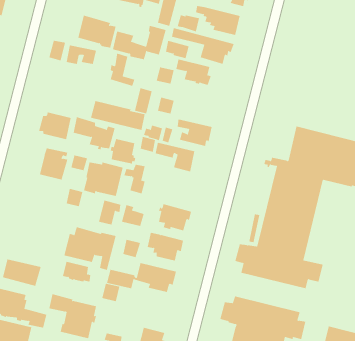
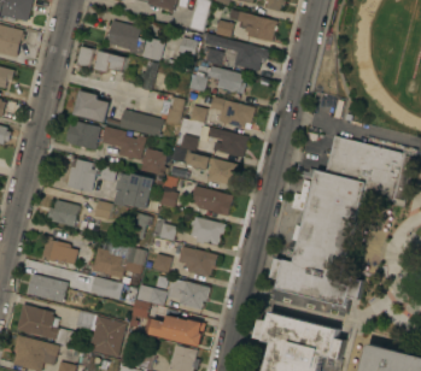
building: none -> [72,92,109,123]
building: none -> [209,96,253,129]
building: none -> [189,187,232,217]
building: none -> [47,200,78,228]
building: none -> [41,237,77,265]
building: none -> [148,316,204,347]

